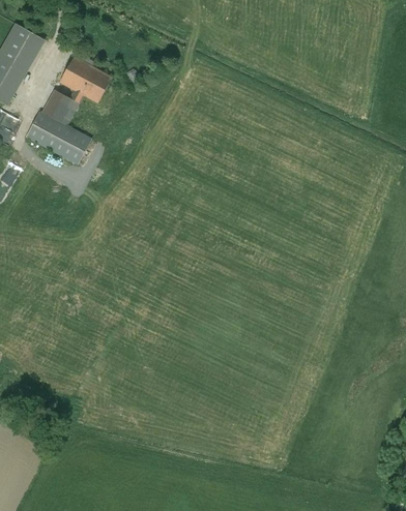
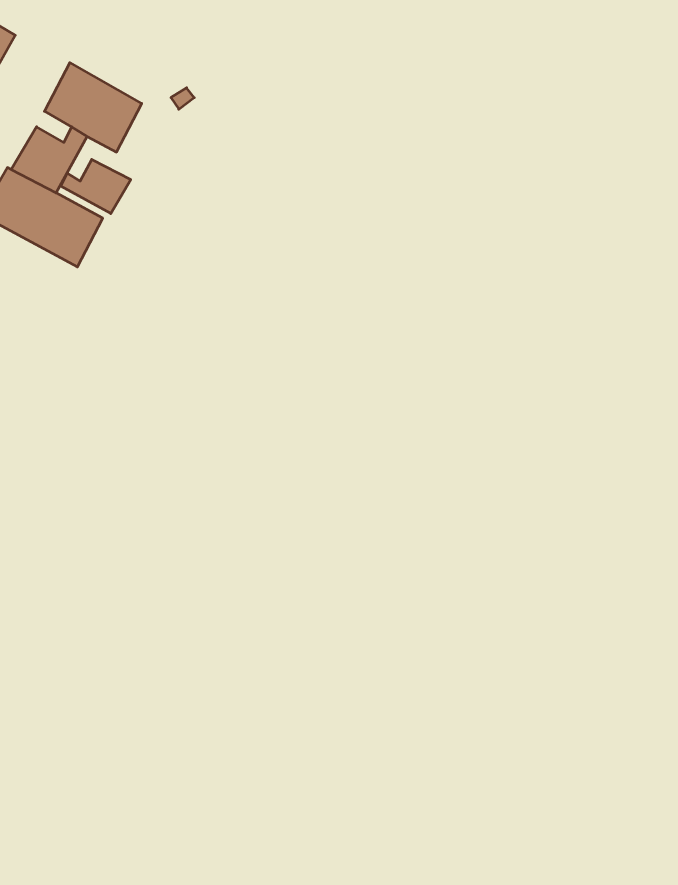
building: none -> [61,159,131,214]

